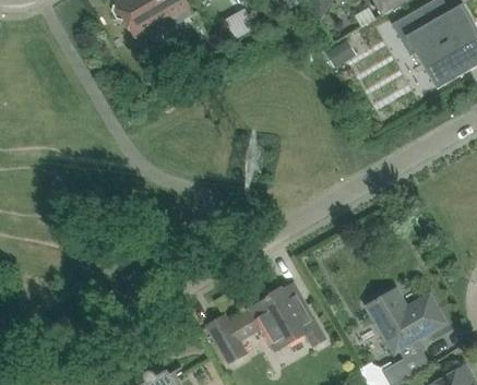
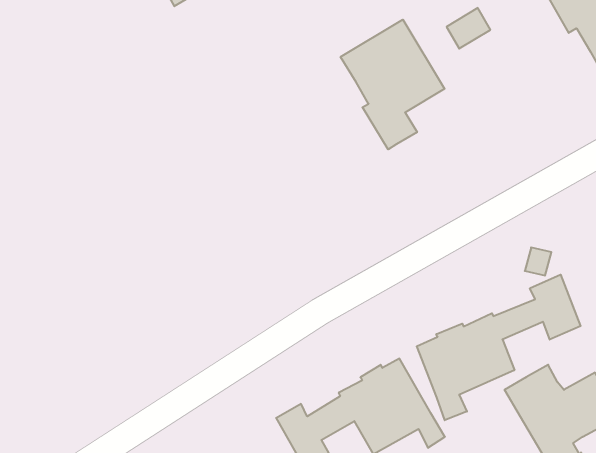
building: none -> [341,20,445,149]
building: none -> [417,275,581,420]

